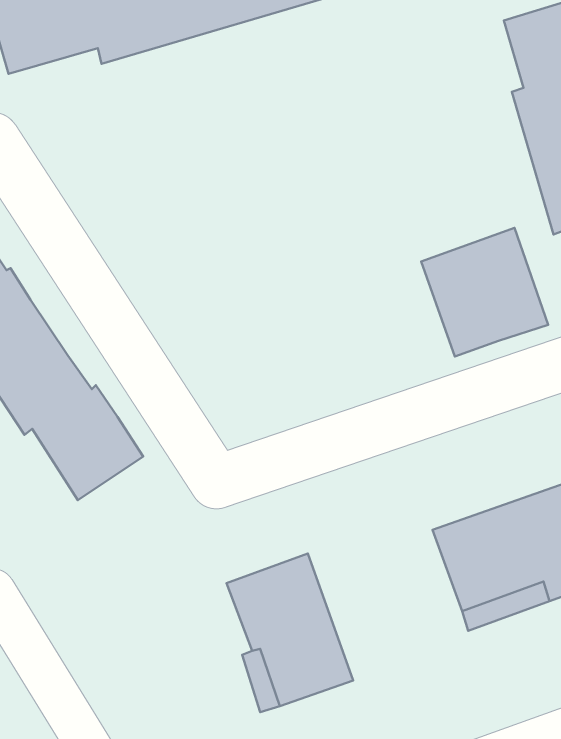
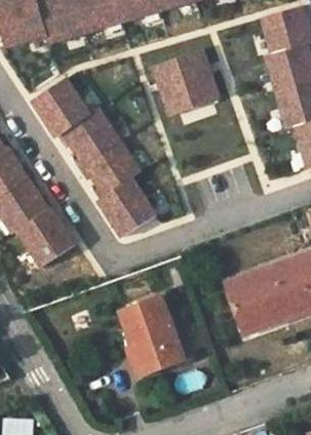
building: none -> [32,78,156,237]
building: [421,228,548,357] -> [153,49,219,116]

